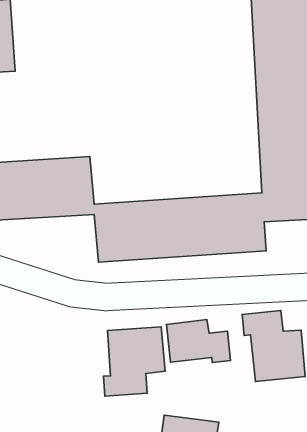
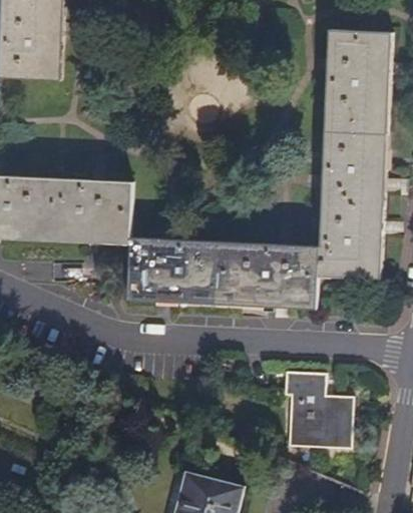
building: [166,320,231,362] -> none
building: [104,327,165,396] -> none

